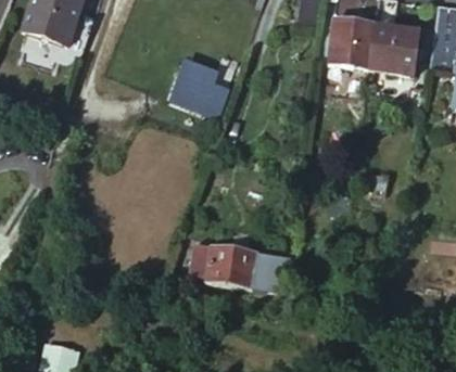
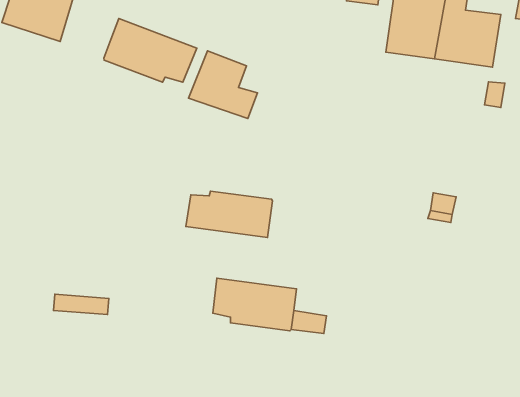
building: none -> [104,18,197,82]
building: none -> [186,191,272,238]

